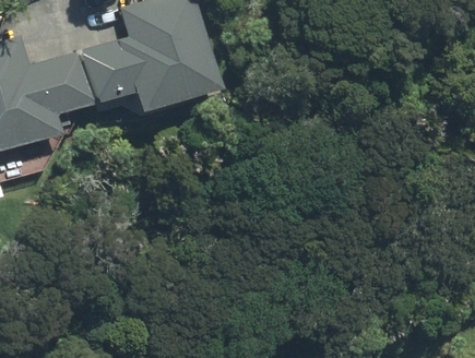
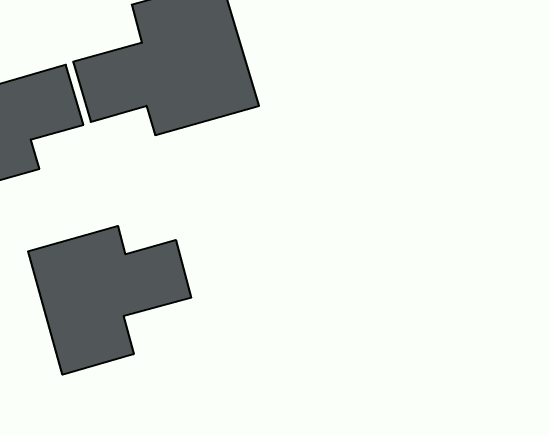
building: none -> [28,226,191,375]

